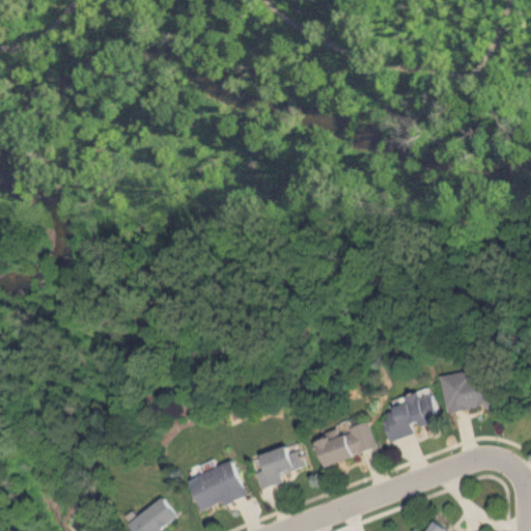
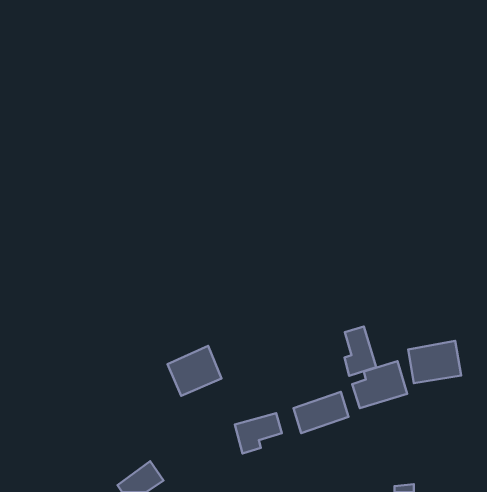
building: none -> [344,327,376,376]
building: [187,459,245,513] -> [168,346,222,396]

